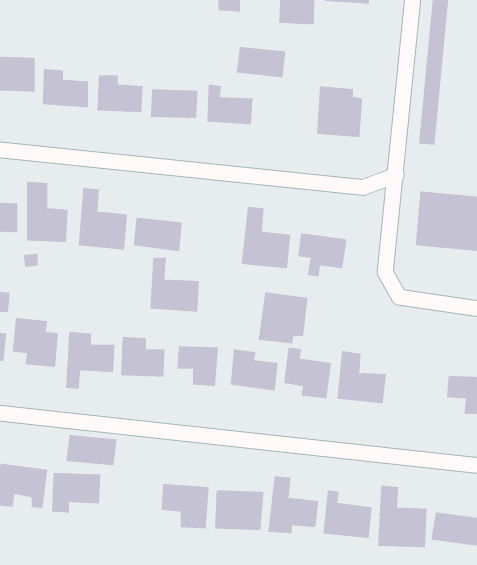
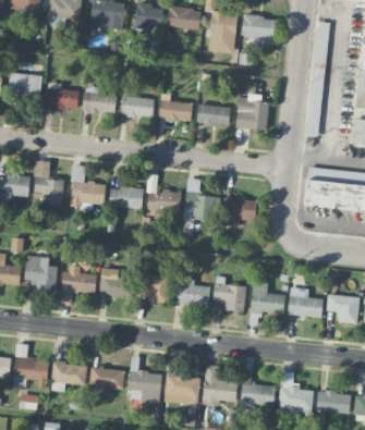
building: [236,46,286,78] -> [195,105,230,126]
building: [150,257,200,312] -> [145,175,180,213]
building: [258,292,308,344] -> none
building: none -> [287,287,323,319]
building: [66,435,117,466] -> [88,368,124,390]

